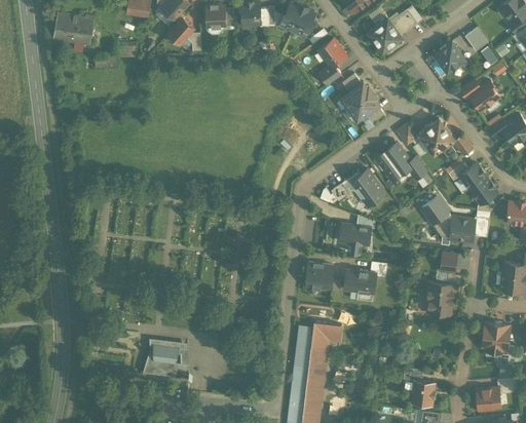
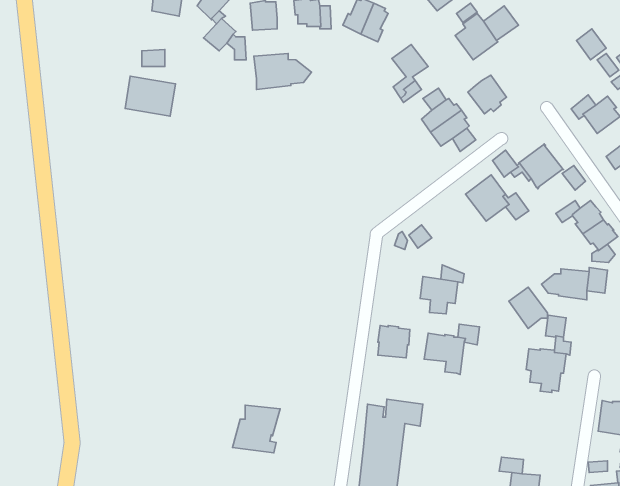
building: [53,12,93,44] -> [125,76,175,116]
building: [434,40,464,71] -> [468,75,506,114]
building: none -> [254,54,311,90]
building: [350,168,384,205] -> none
building: [421,196,452,229] -> [509,287,548,328]
building: [143,338,181,376] -> [232,405,280,453]

